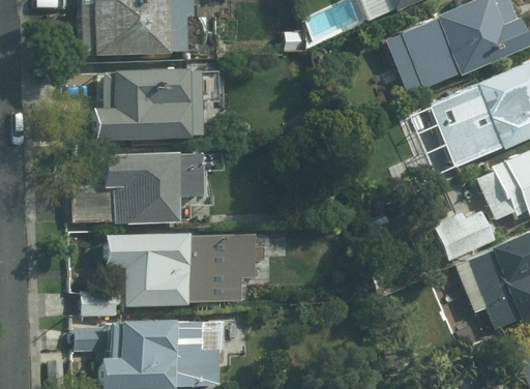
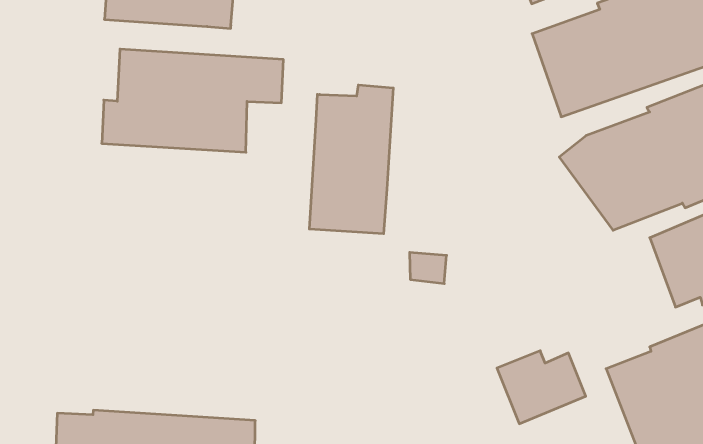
building: none -> [309,85,393,234]
building: [78,153,192,225] -> none
building: [435,211,498,263] -> [497,351,586,424]
building: [82,233,256,321] -> none

